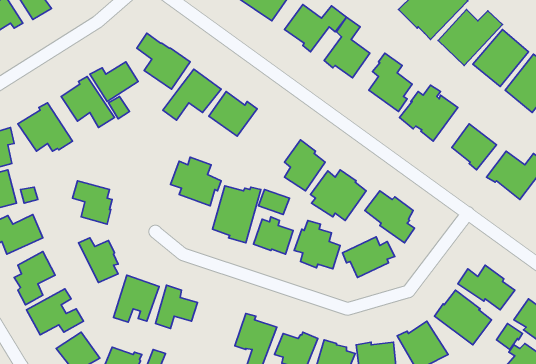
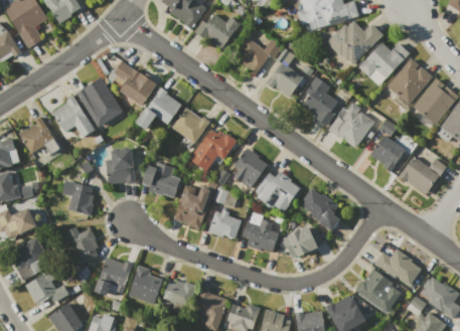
building: none -> [189,129,237,172]
building: none -> [105,146,135,184]
building: none -> [163,280,196,304]

